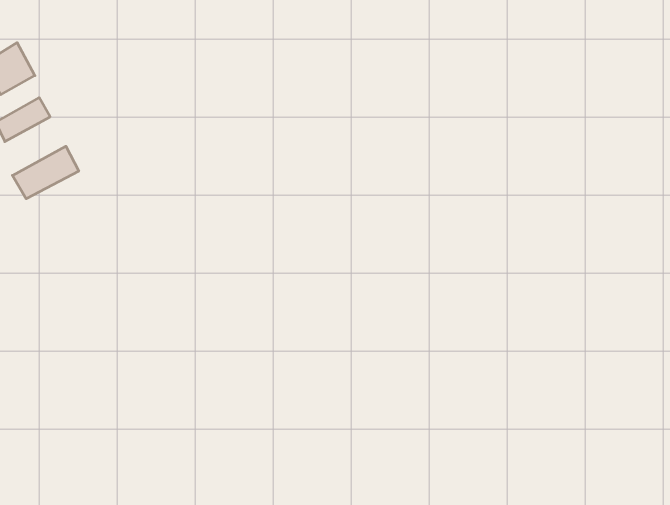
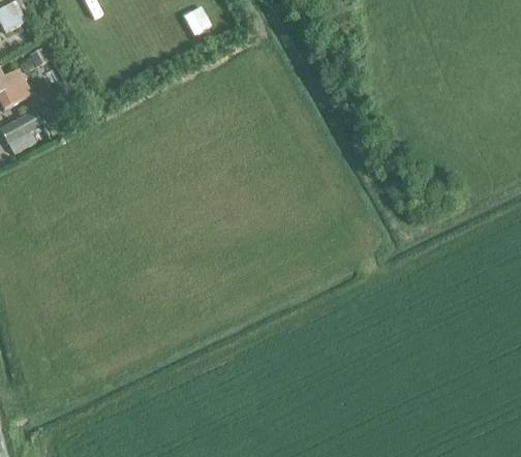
building: [12,146,79,199] -> none

